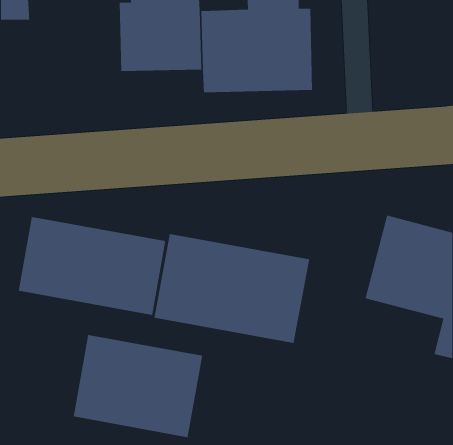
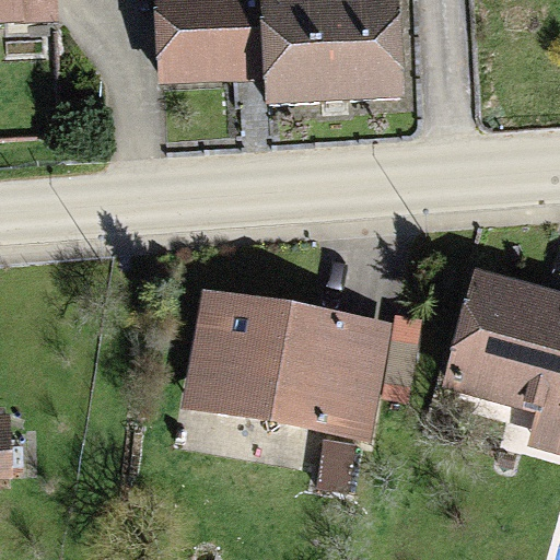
building: [18,216,166,316] -> none
building: [73,334,203,438] -> none

